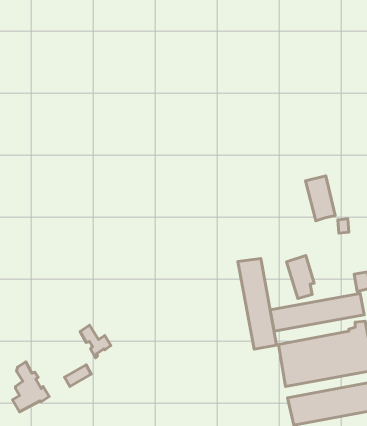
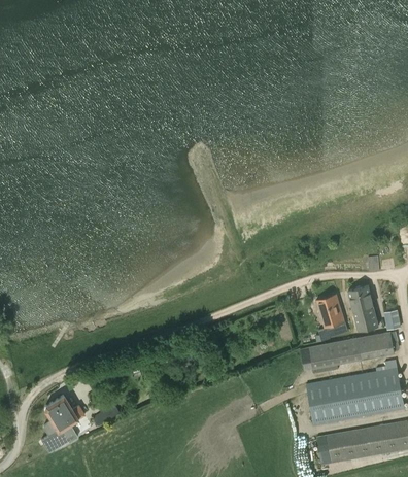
building: [306,176,335,221] -> [347,285,377,331]
building: [238,258,277,349] -> none
building: [80,325,111,358] -> [53,395,83,428]

